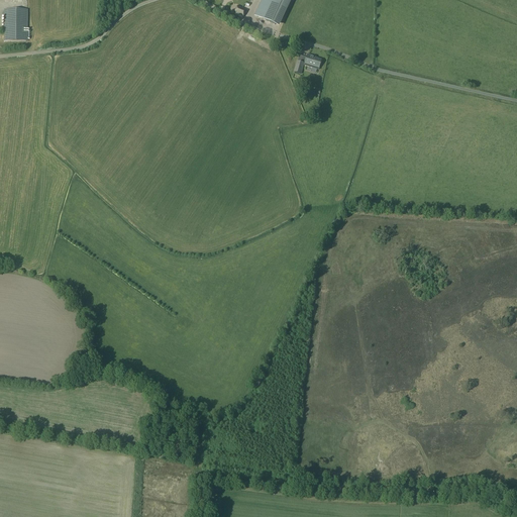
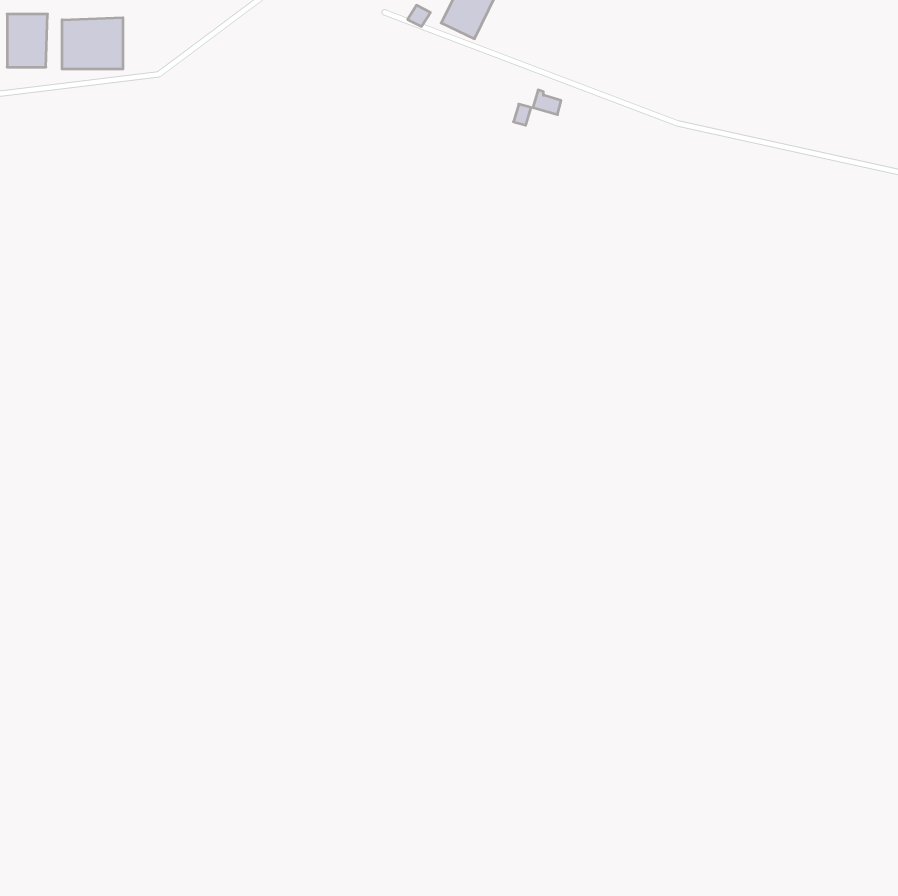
building: none -> [62,18,123,69]

